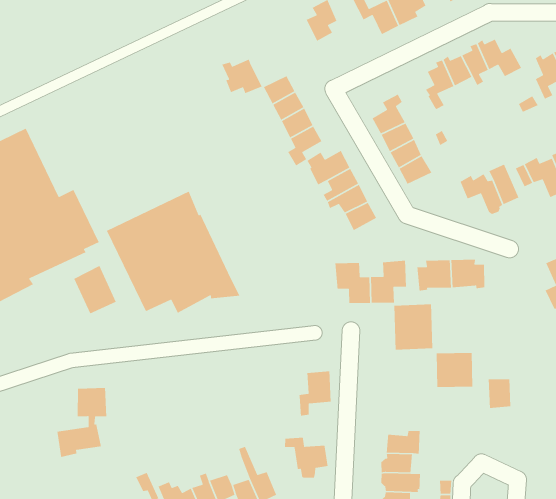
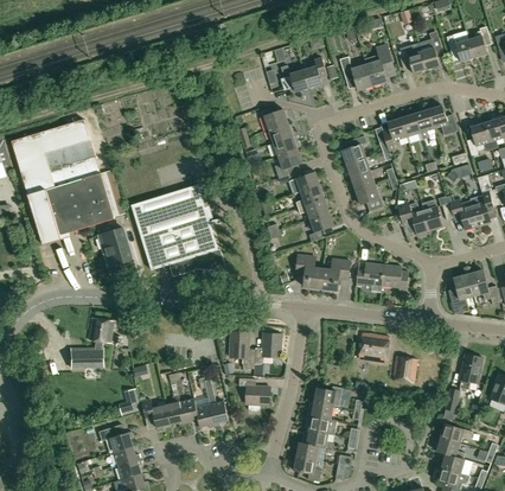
building: [221,58,263,94] -> [280,65,308,91]
building: [393,304,433,350] -> none
building: none -> [229,331,255,369]

